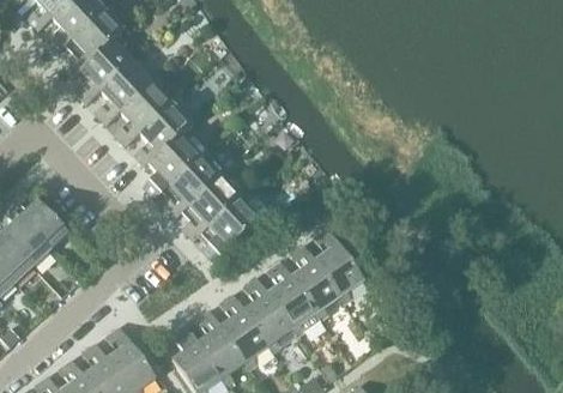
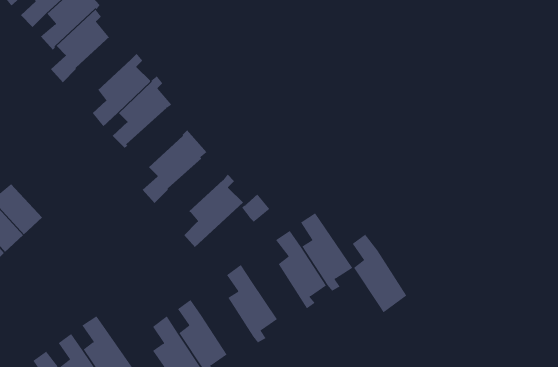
building: [93,55,151,125] -> none
building: [143,128,205,198] -> none
building: [181,170,243,240] -> none
building: [266,261,319,337] -> [352,234,407,313]
building: [218,294,267,369] -> none

